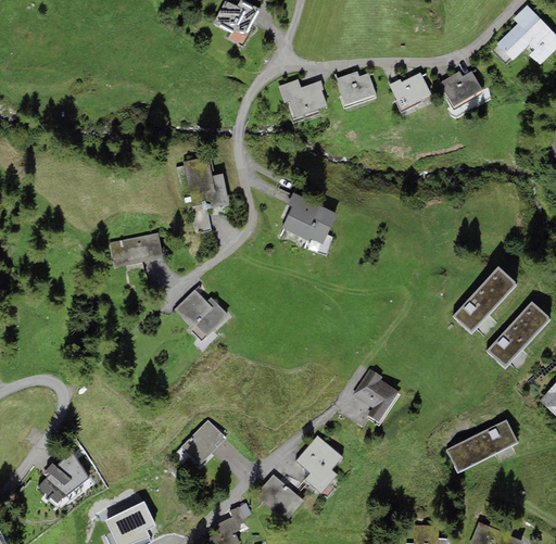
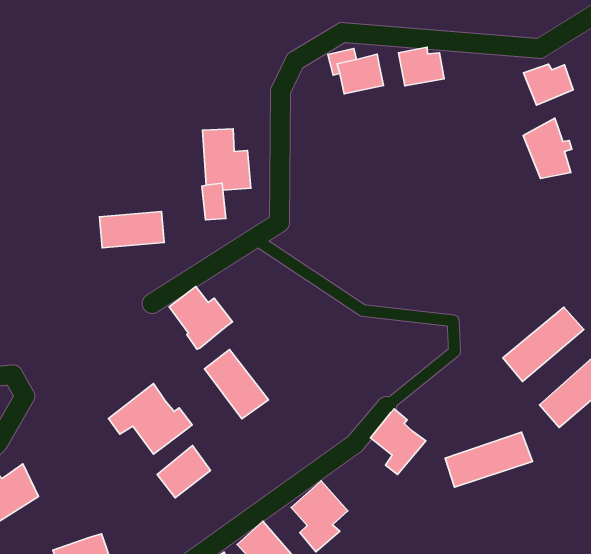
building: [389,73,431,109] -> none
building: none -> [523,118,572,179]
building: [281,193,338,244] -> none
building: none -> [205,350,268,419]
building: none -> [108,384,192,454]
building: [446,420,518,472] -> [445,432,532,487]

